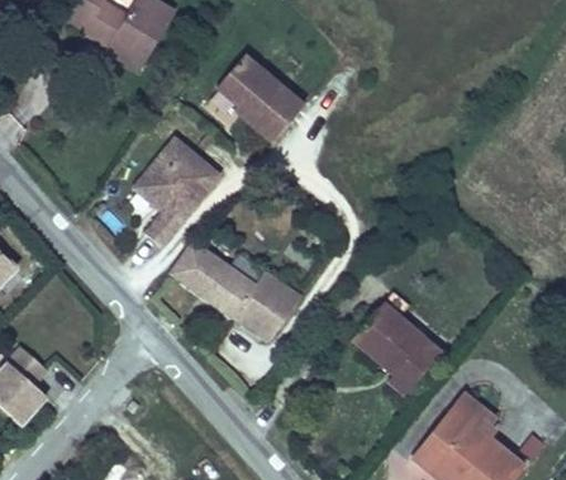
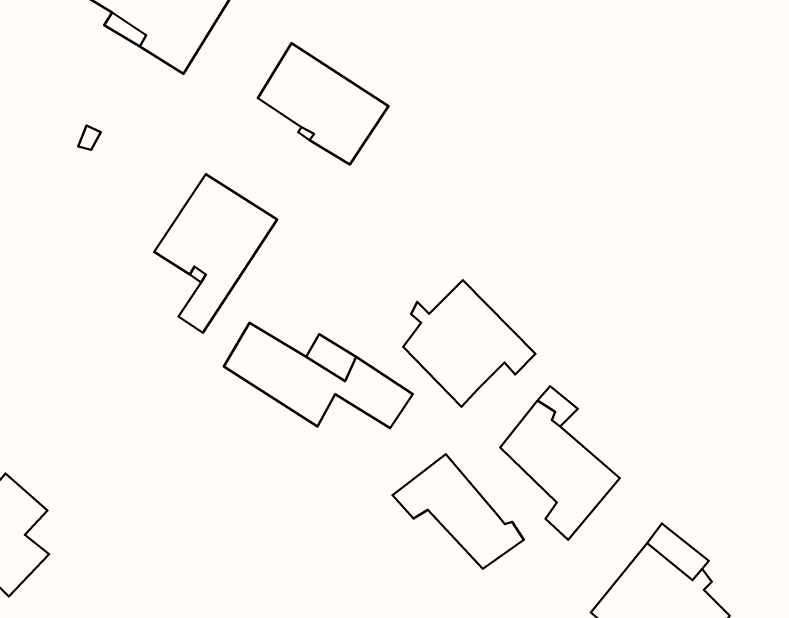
building: none -> [403,280,536,407]
building: [235,295,285,340] -> none
building: none -> [392,454,524,569]

